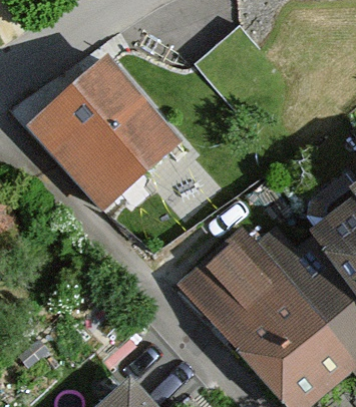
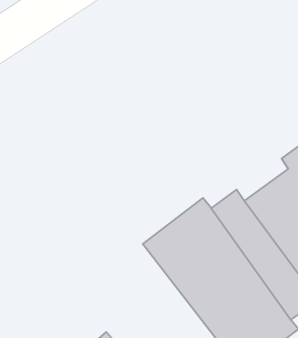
building: [44,64,179,199] -> none

